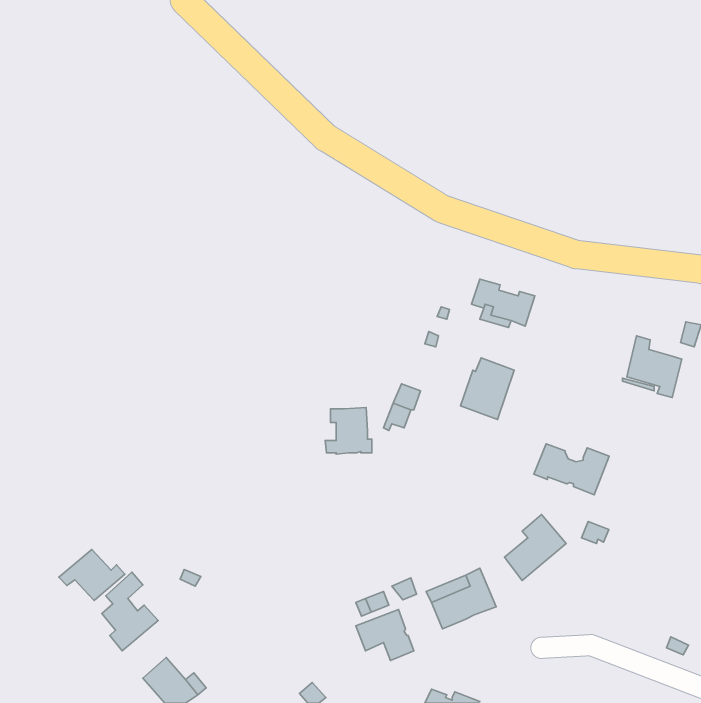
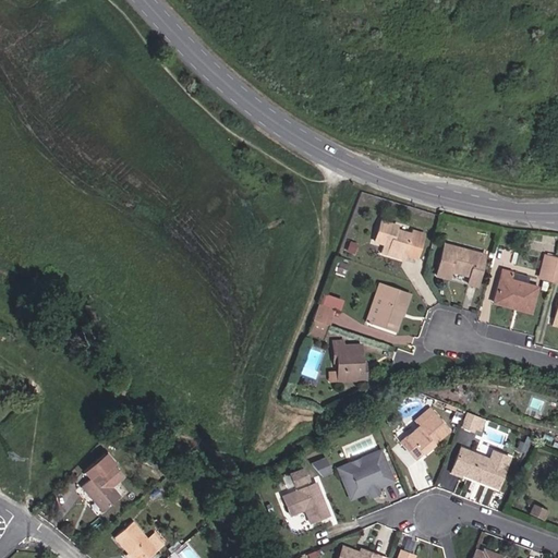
building: none -> [437,244,487,287]
building: [325,407,372,454] -> [329,345,366,383]
building: [534,444,609,495] -> [451,448,511,488]
building: [59,550,125,600] -> none

